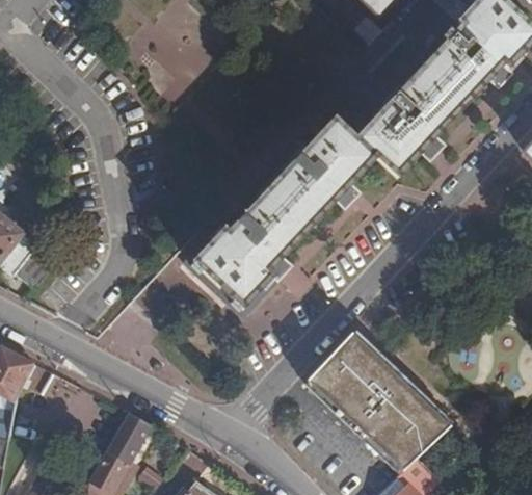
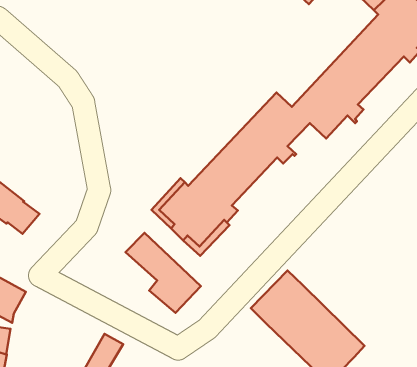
building: none -> [126,233,201,313]

